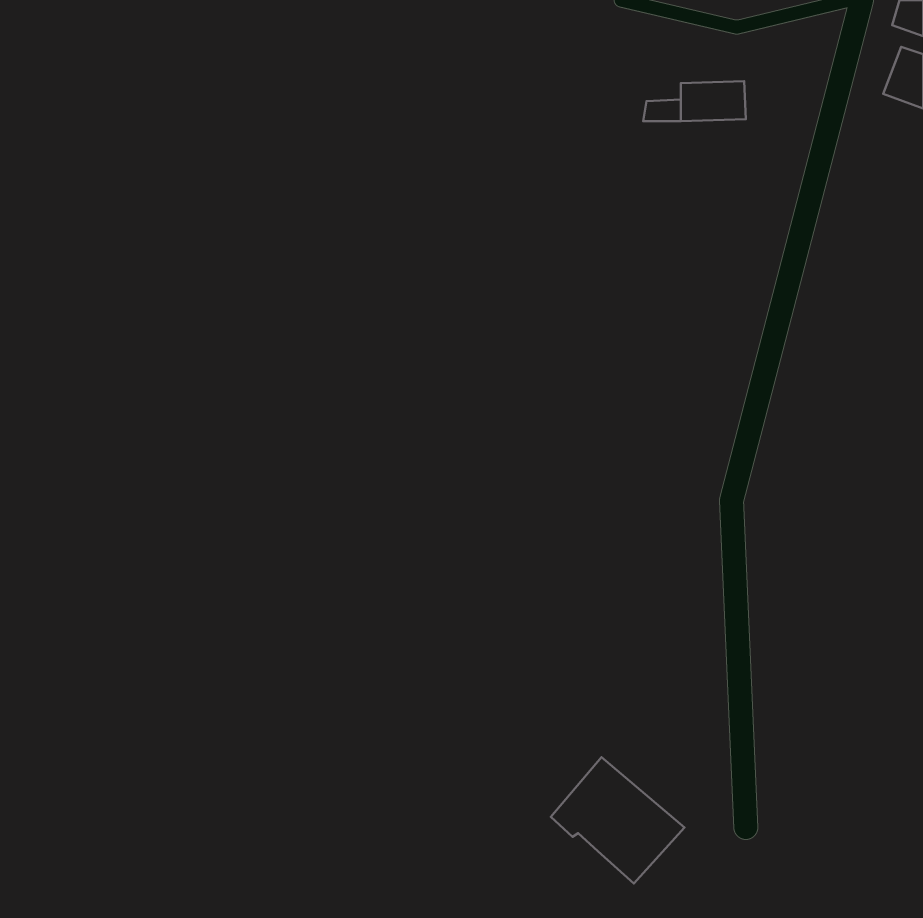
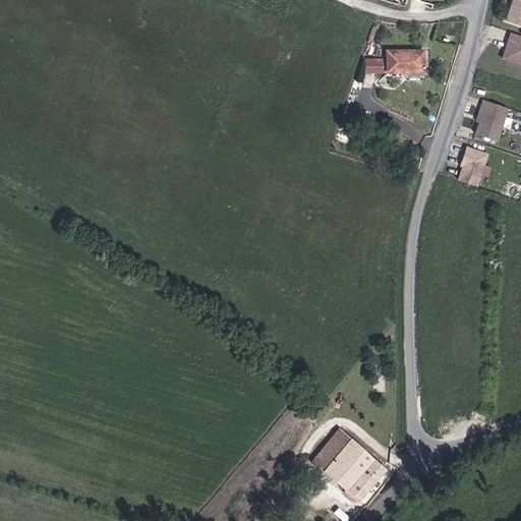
building: none -> [477,98,510,138]
building: none -> [462,147,491,185]

